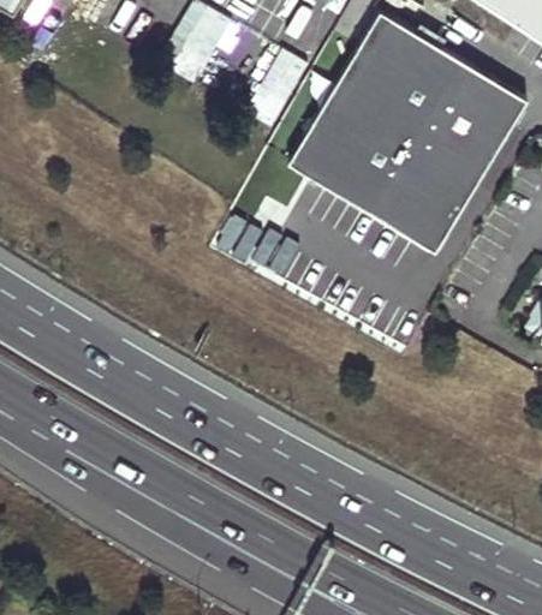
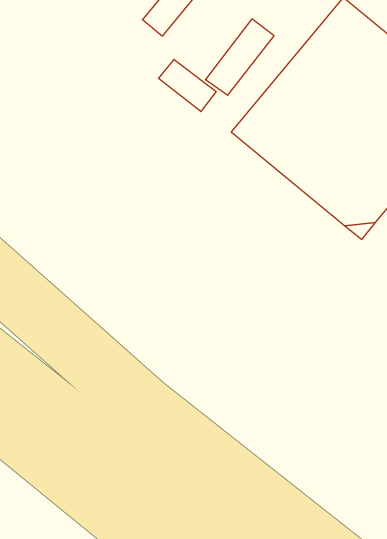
building: none -> [159,59,216,112]

